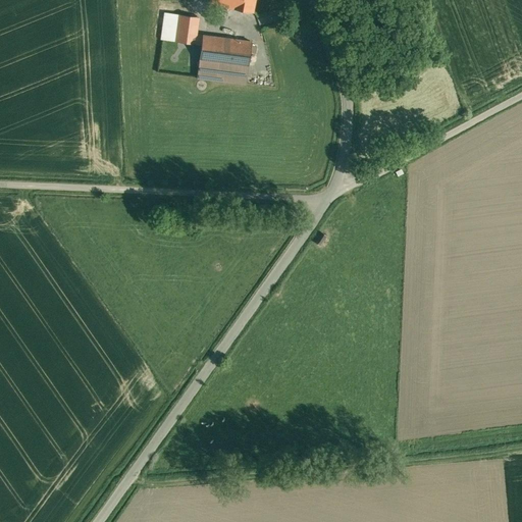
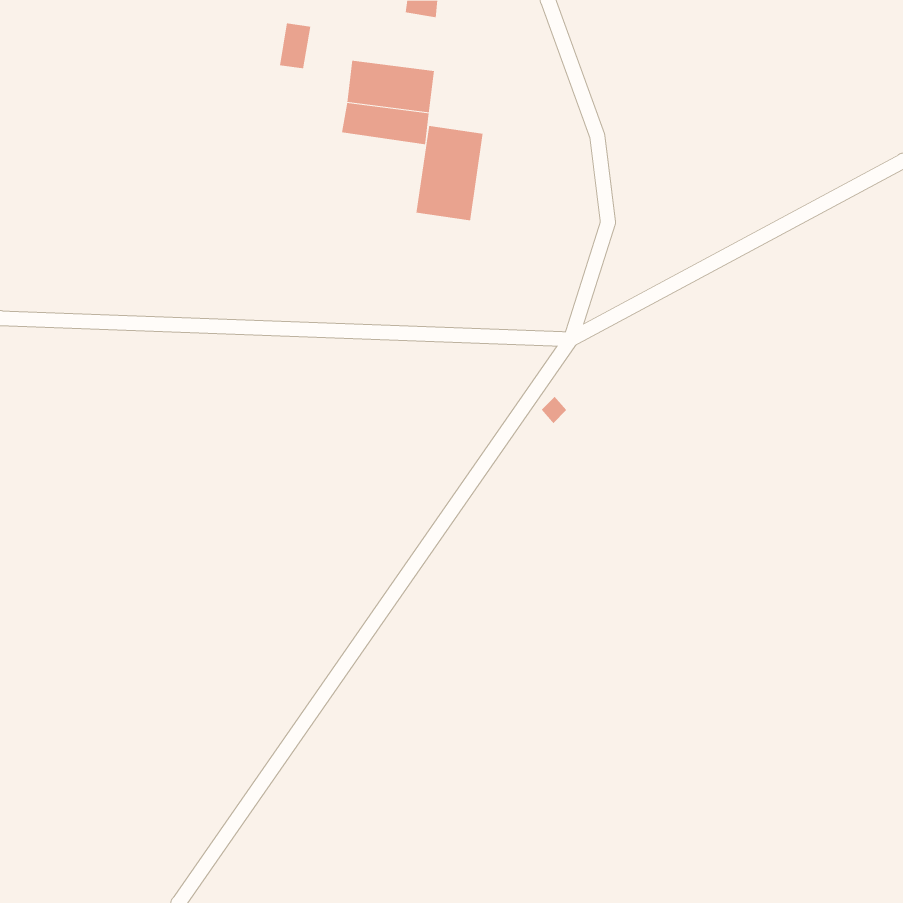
building: [175,15,198,43] -> none
building: none -> [416,125,483,221]

